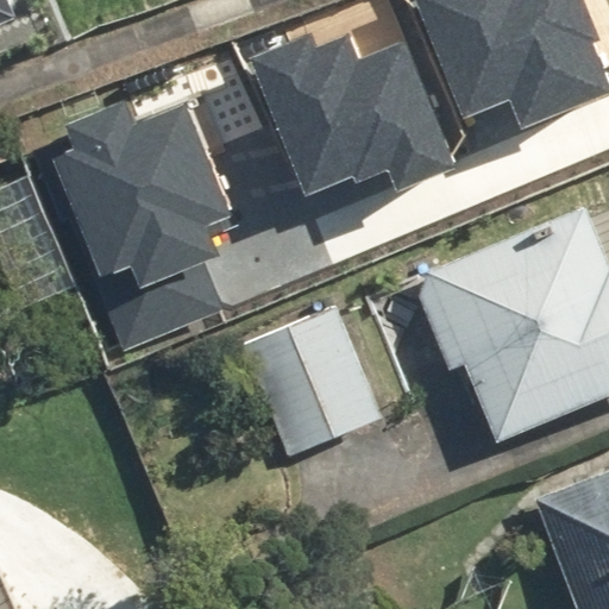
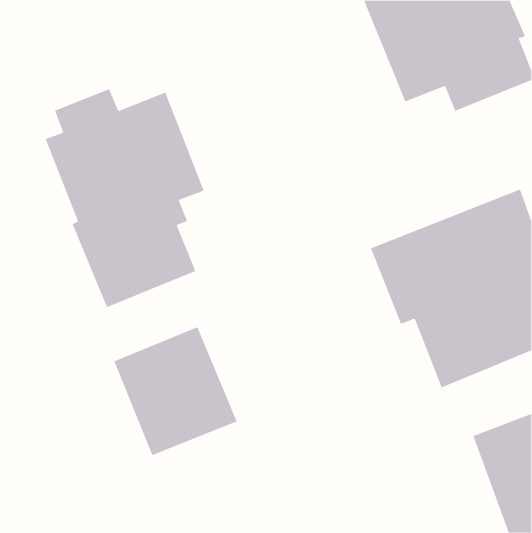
building: [247,34,454,195] -> none
building: [246,304,388,452] -> [113,327,237,456]

